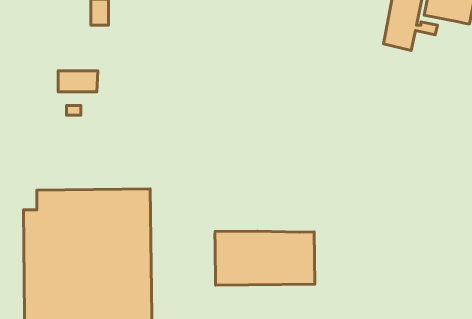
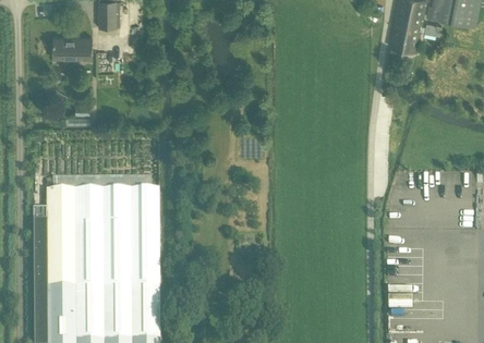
building: [58,71,98,92] -> [53,37,93,58]
building: [215,231,315,285] -> none

